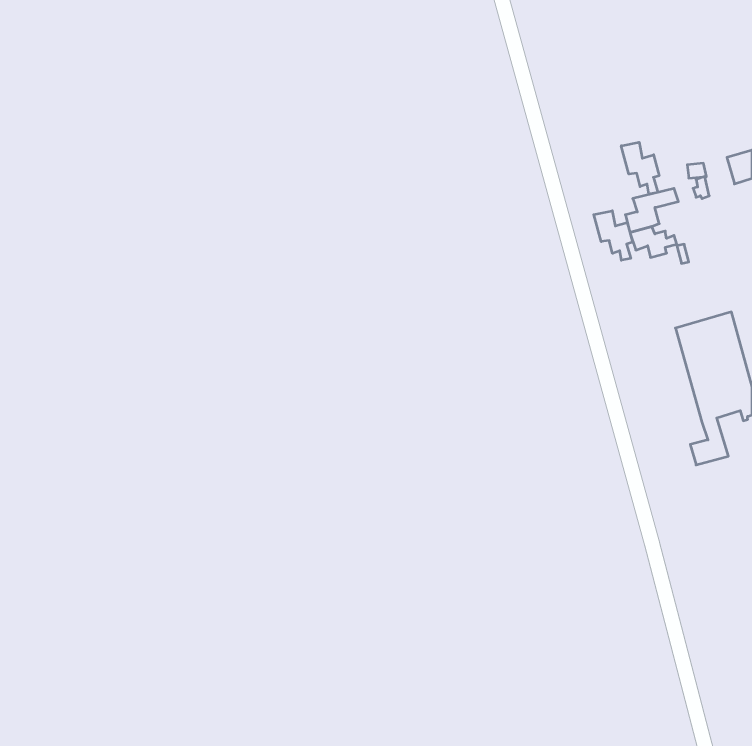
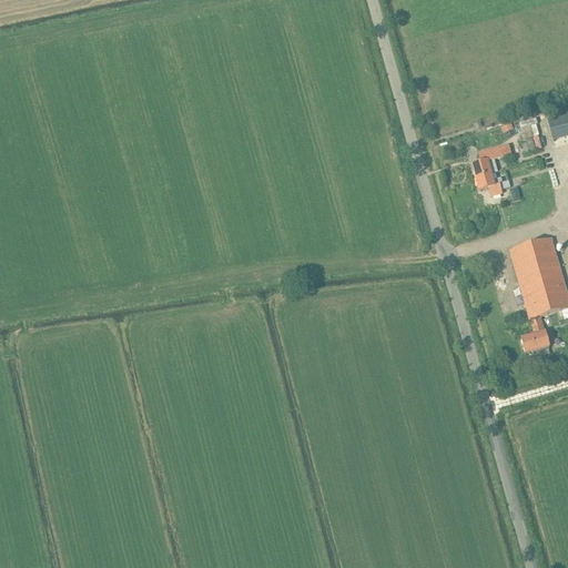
building: [621,142,659,194] -> none
building: [594,211,633,260] -> none

